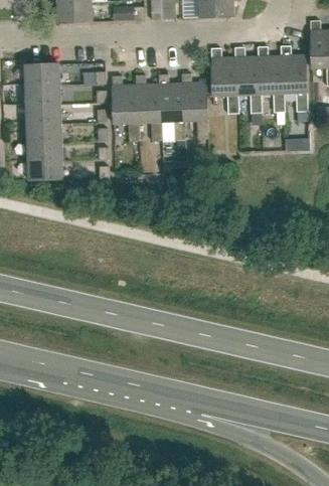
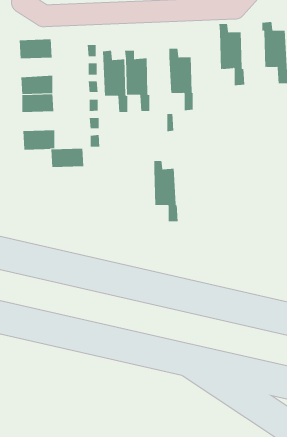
building: [257,46,285,112] -> none
building: [210,48,238,114] -> none
building: [159,74,185,139] -> [153,160,178,222]
building: [25,84,60,104] -> none
building: [27,140,62,160] -> [50,148,84,167]

